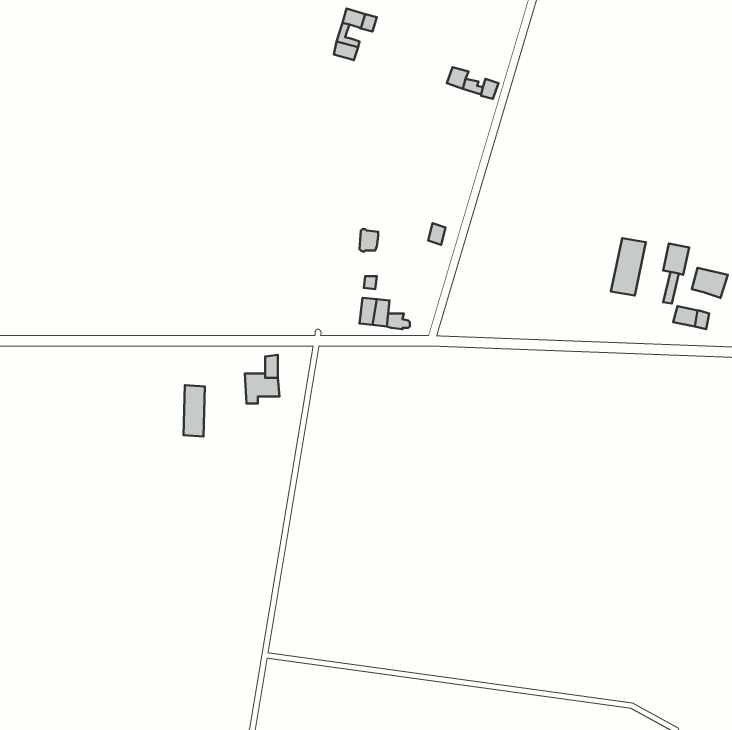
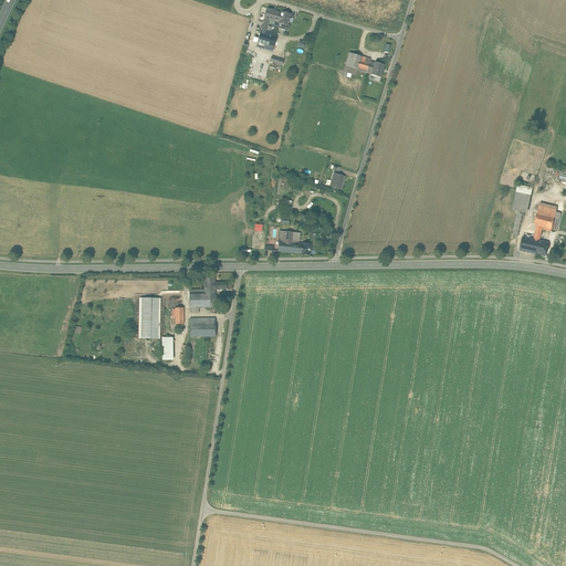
building: [611,238,646,295] -> none
building: none -> [190,317,216,336]

